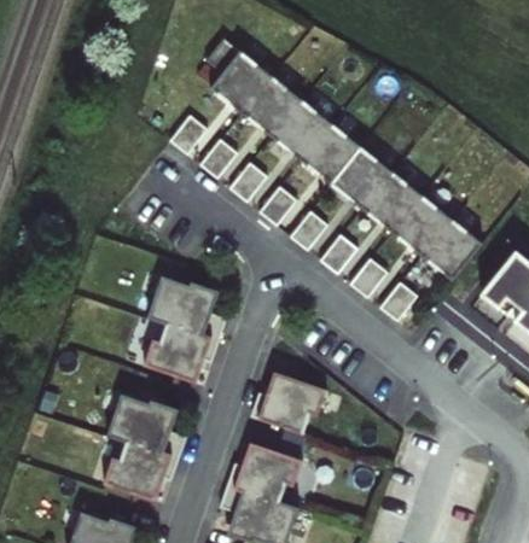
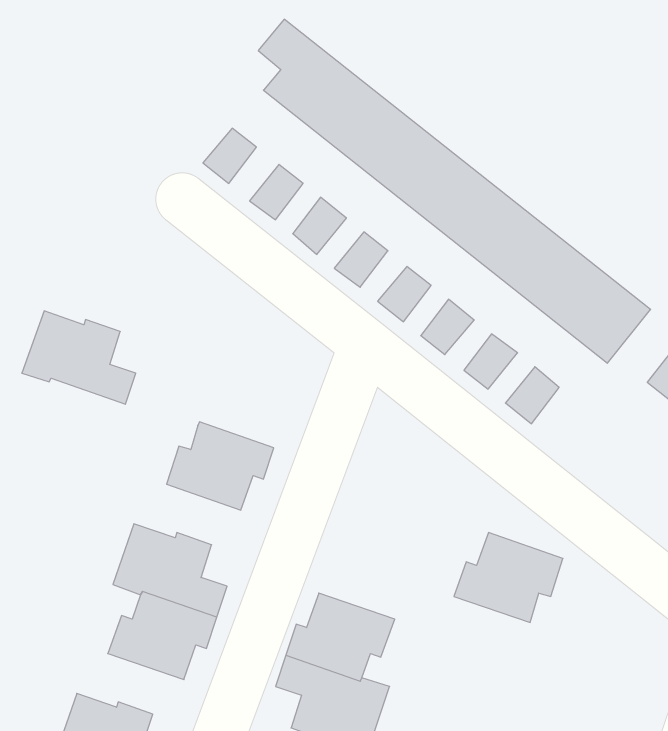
building: [146,275,226,340] -> [22,311,136,404]
building: [250,372,326,434] -> [454,533,563,622]

